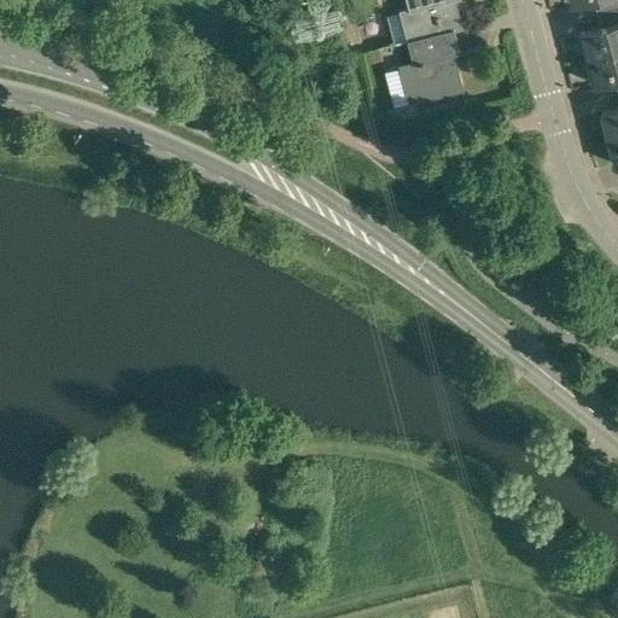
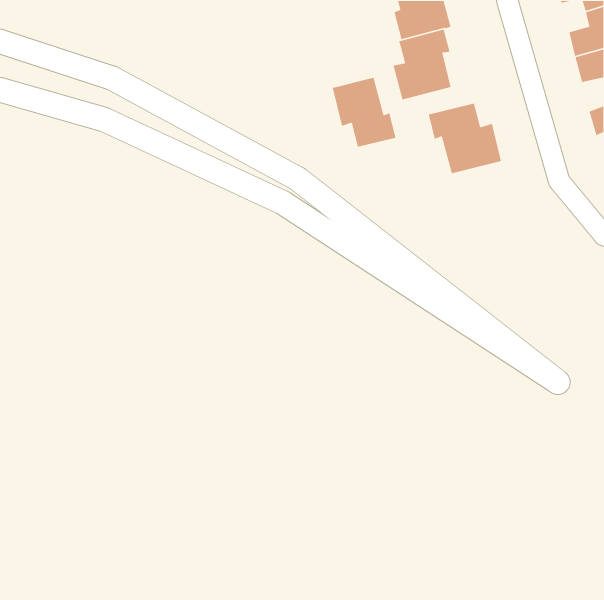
building: none -> [332,77,397,148]
building: none -> [428,102,502,174]

